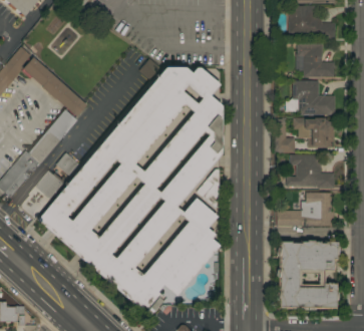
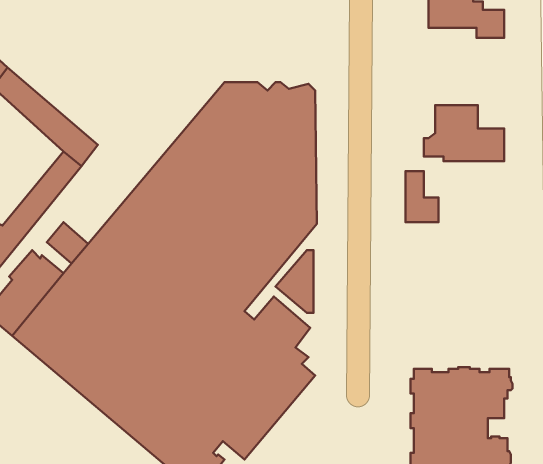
building: [296,44,335,77] -> none
building: [293,117,335,148] -> none
building: [286,154,334,189] -> none
building: [275,193,334,227] -> none

